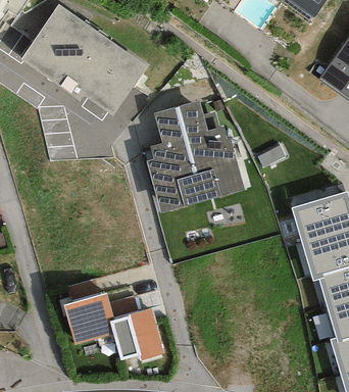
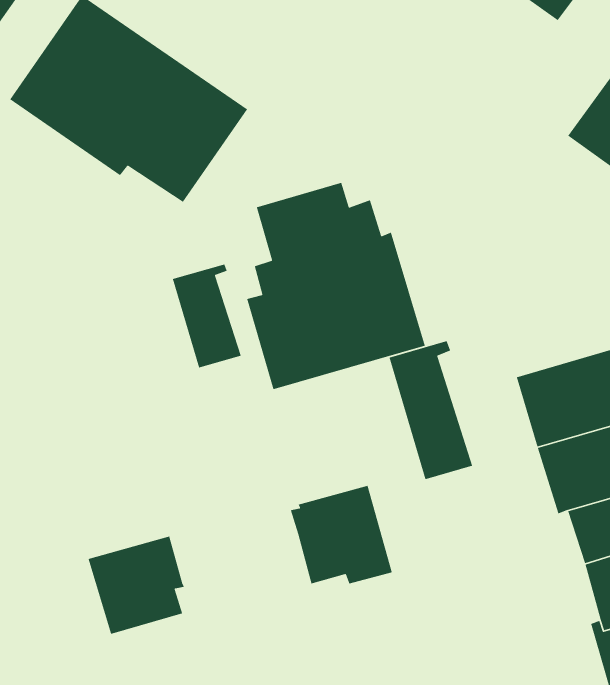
building: none -> [172,263,242,369]
building: none -> [388,340,473,480]
building: [108,306,163,359] -> [290,485,393,584]

